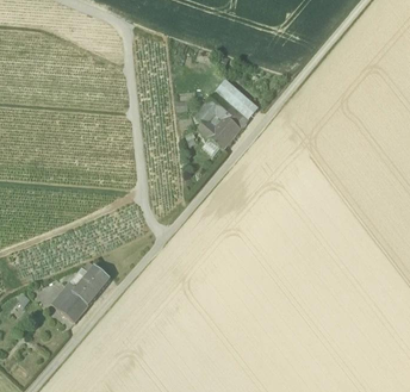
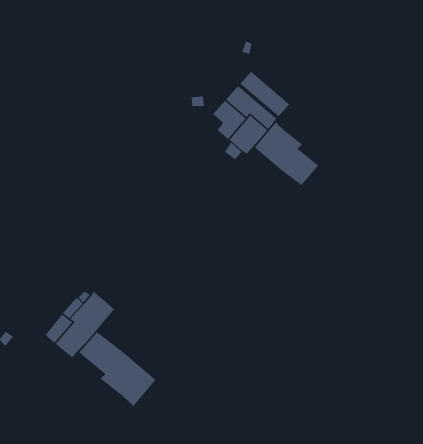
building: none -> [254,121,319,186]
building: none -> [78,331,156,407]

